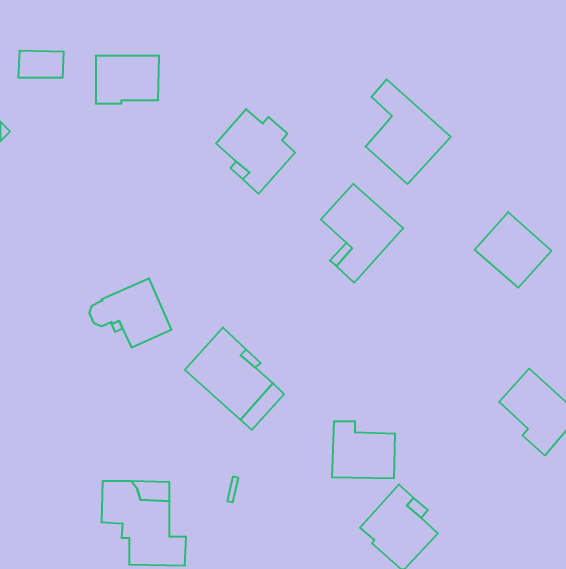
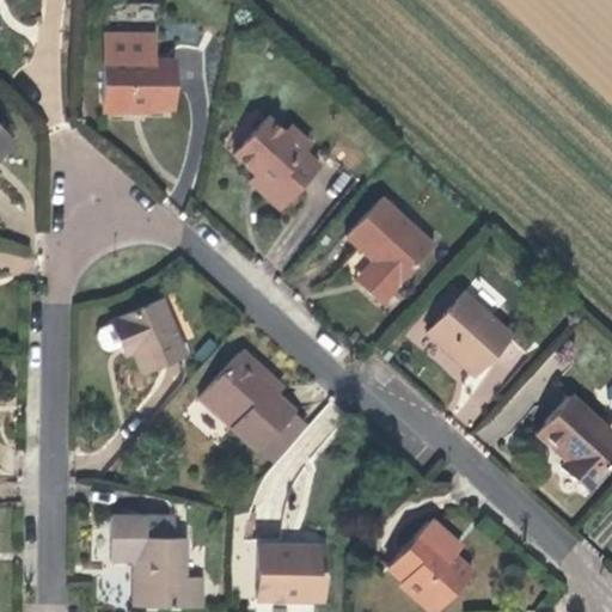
building: [18,51,64,78] -> [106,31,155,60]
building: [365,79,451,184] -> none
building: [475,212,551,288] -> [429,293,512,374]
building: [332,421,395,478] -> [258,539,326,600]

